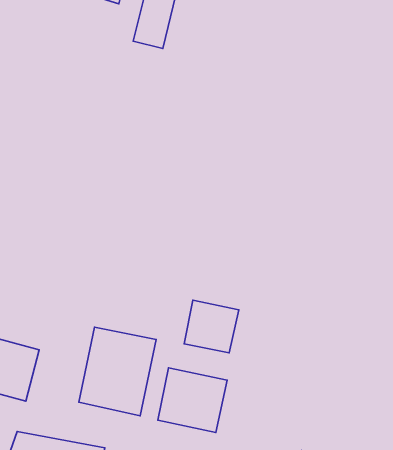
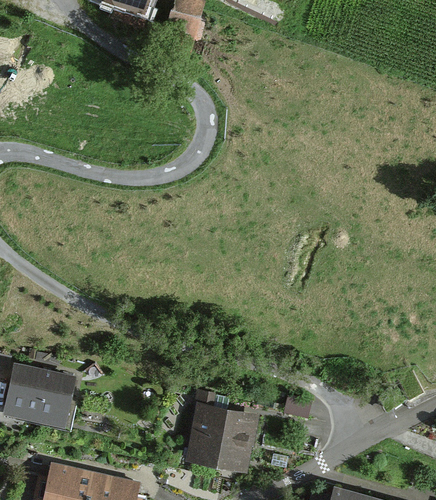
building: [184,300,239,353] -> none
building: [79,327,156,416] -> none

